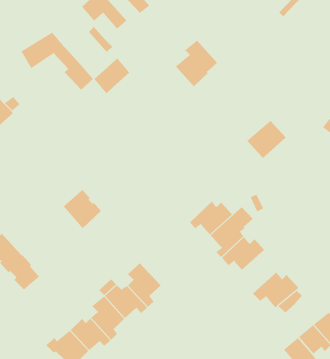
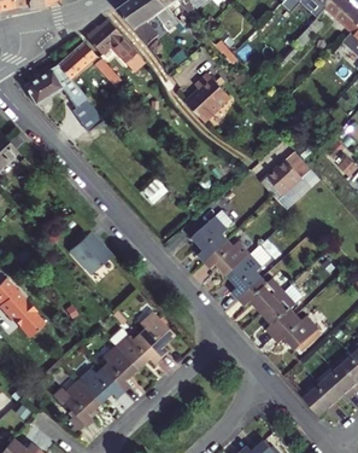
building: [93,57,130,94] -> [58,41,96,80]
building: none -> [189,219,225,265]
building: none -> [257,285,303,339]

